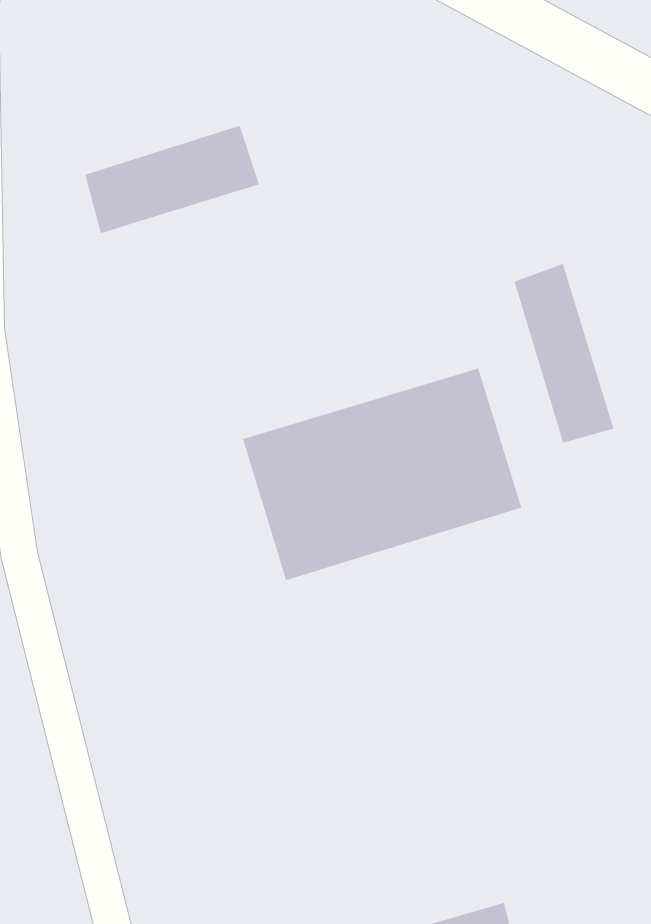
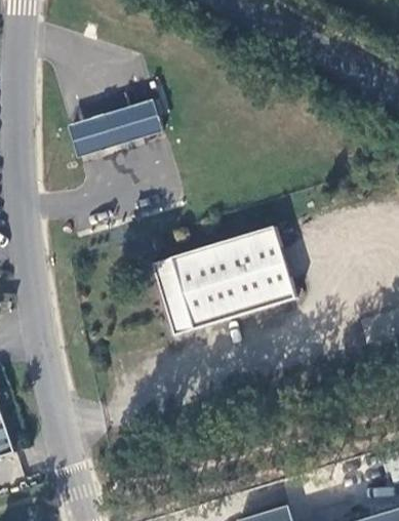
building: [514,263,614,443] -> none

